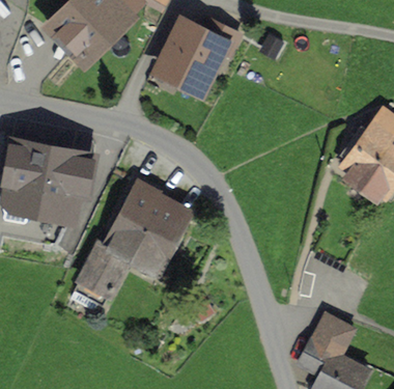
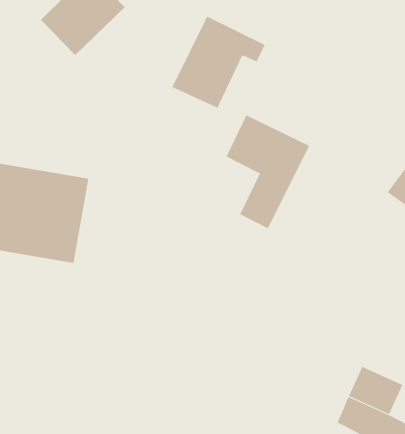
building: none -> [226,114,310,229]
building: [74,179,185,305] -> none

